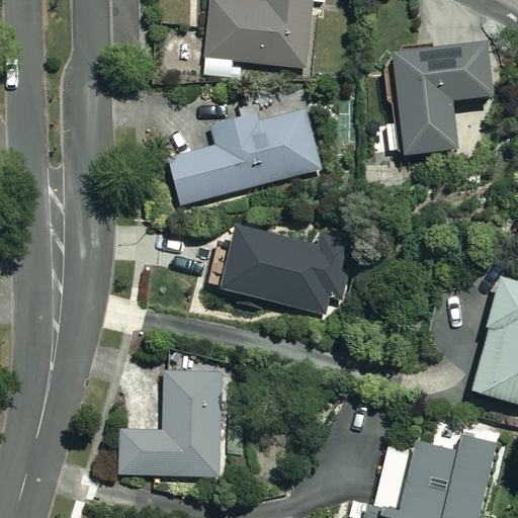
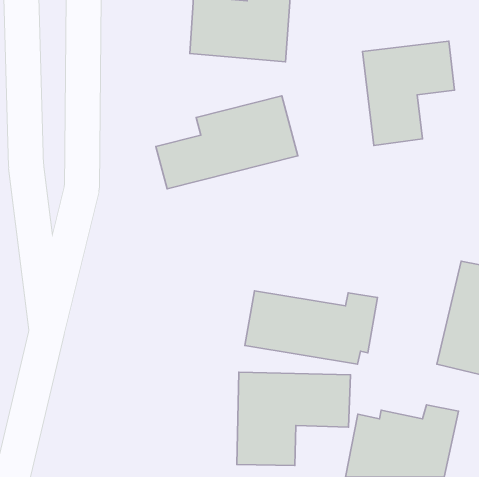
building: [208,233,351,312] -> [245,291,377,364]
building: [120,370,223,474] -> none
building: none -> [237,372,351,466]

